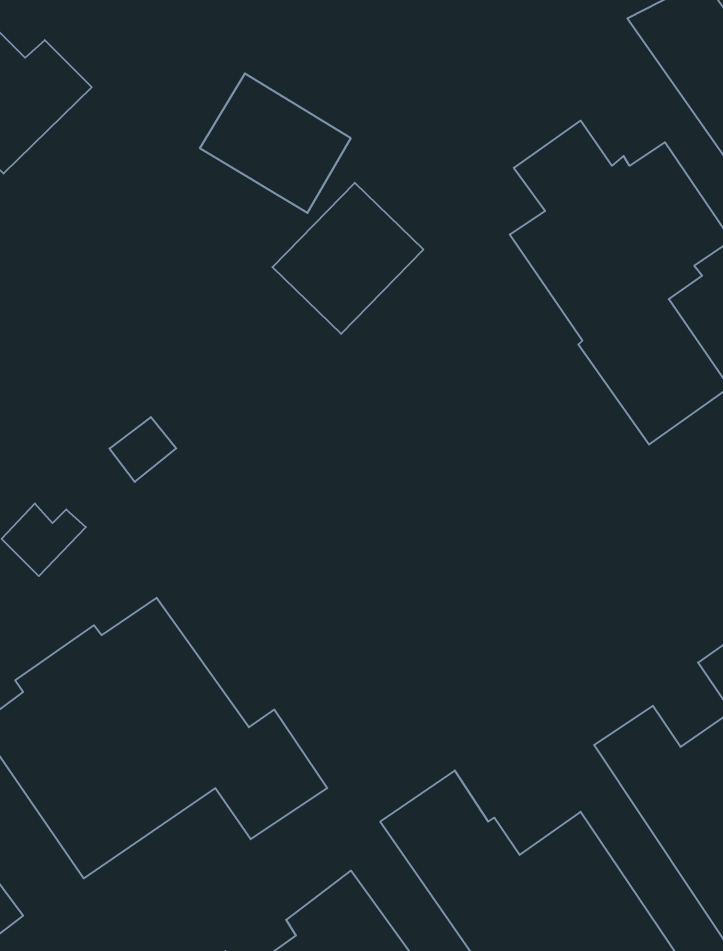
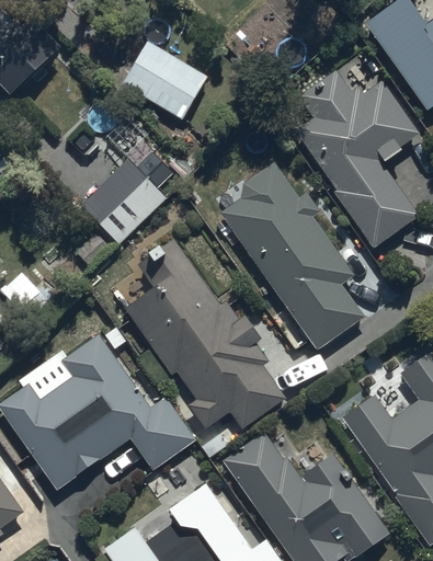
building: [272,183,423,334] -> [82,159,167,243]
building: none -> [220,161,364,348]
building: none -> [107,239,281,430]

